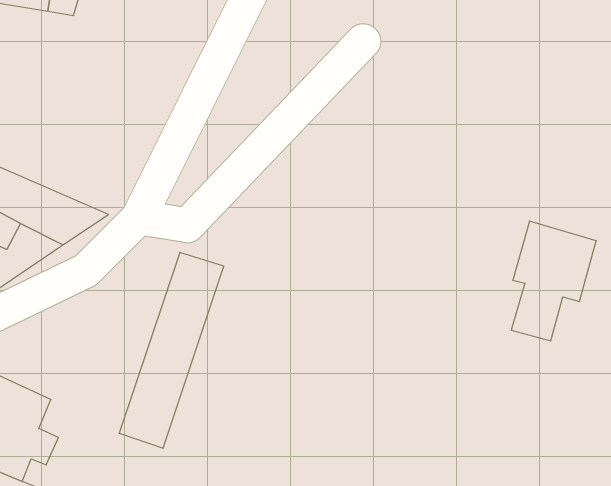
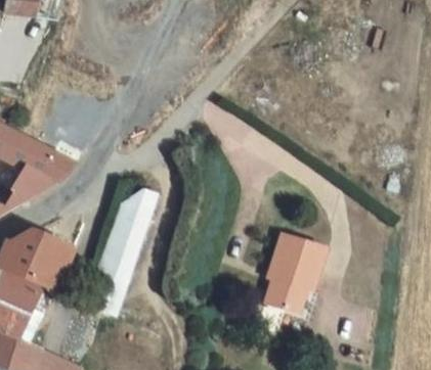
building: [511,221,596,341] -> [262,232,319,313]
building: none -> [12,223,79,285]

